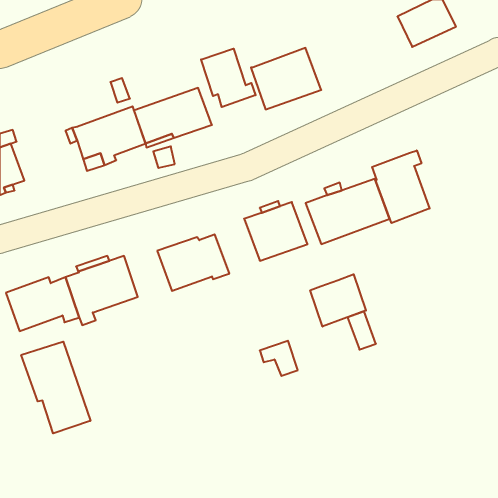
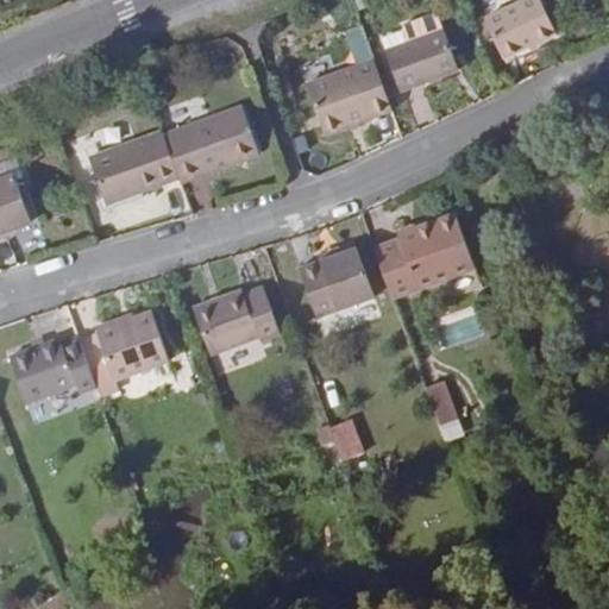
building: none -> [384,29,458,90]
building: [201,49,256,107] -> none
building: [372,150,430,223] -> none
building: [310,274,366,327] -> none
building: [21,342,90,433] -> none

